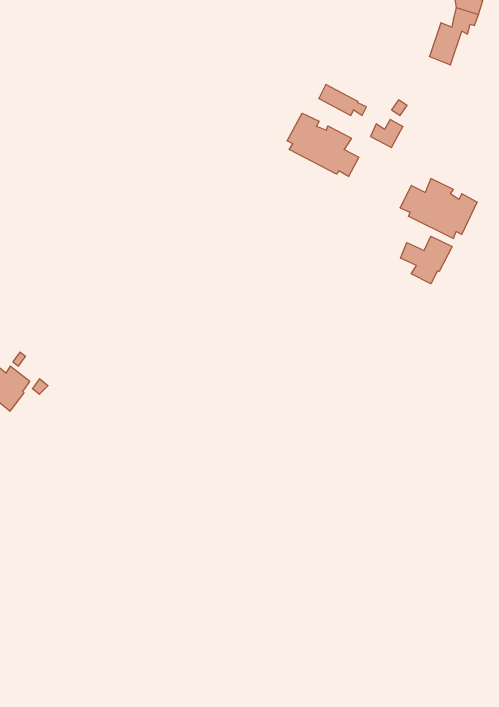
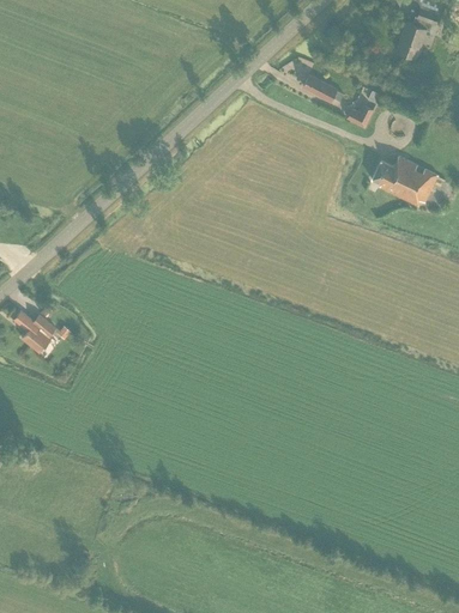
building: [287,113,359,177] -> none
building: [401,236,452,284] -> none

